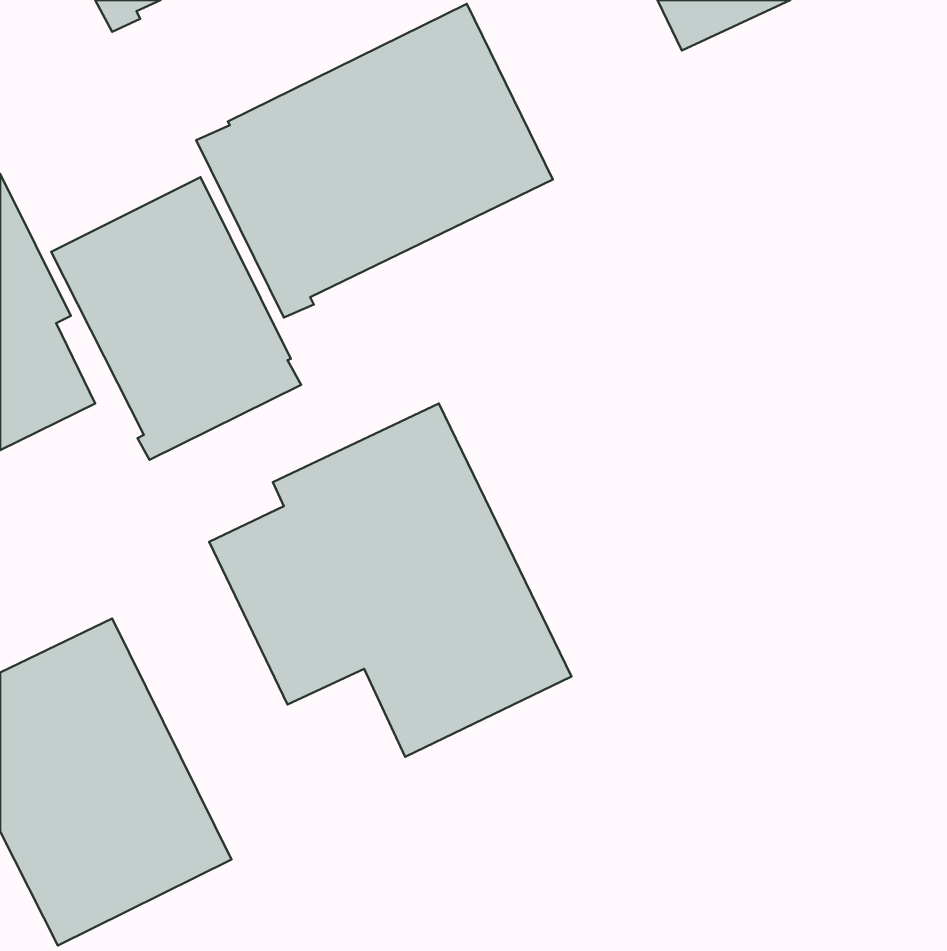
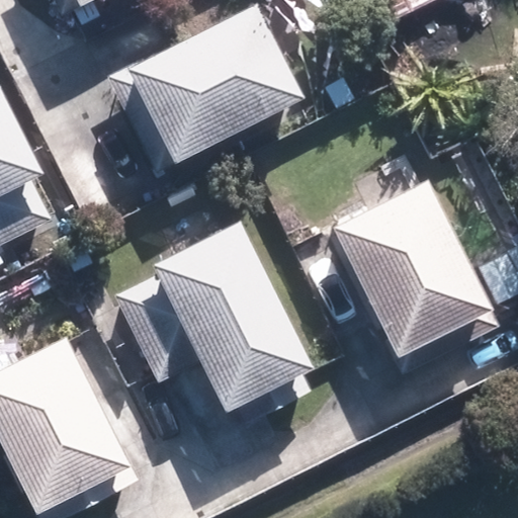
building: [51,177,301,460] -> none
building: none -> [332,179,492,357]

